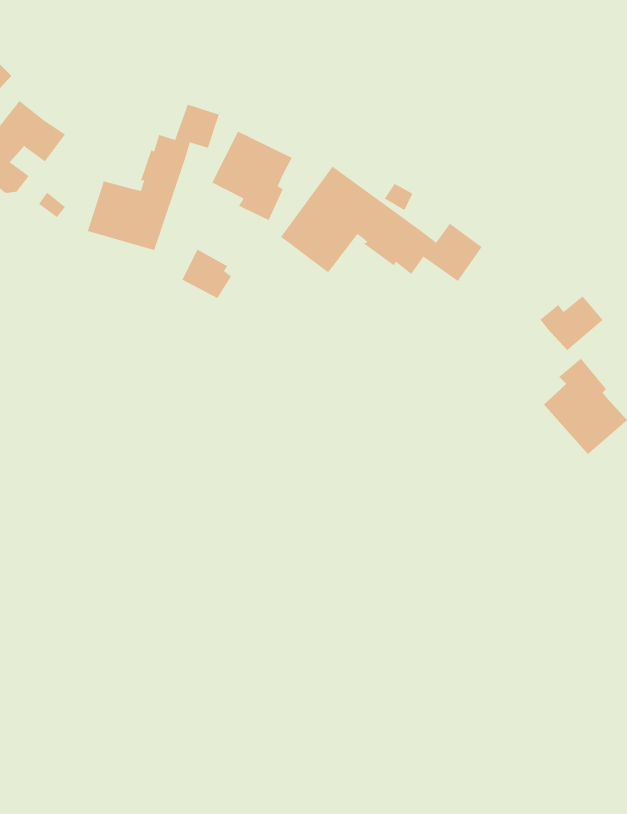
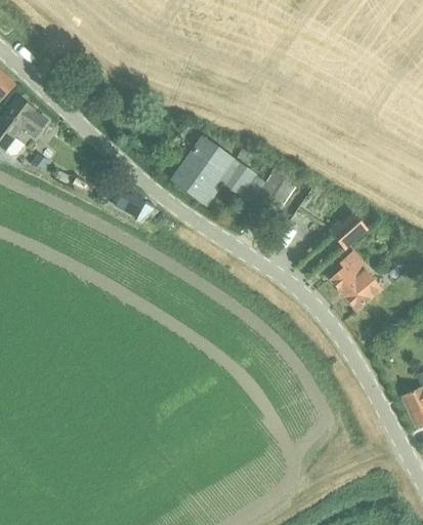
building: [87,104,220,251] -> none
building: [211,131,293,221] -> none

